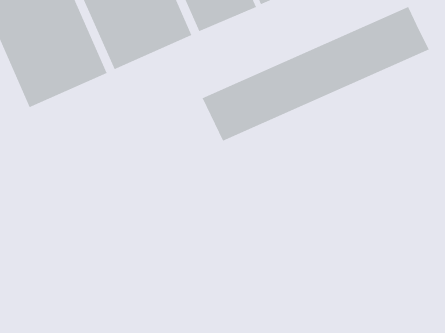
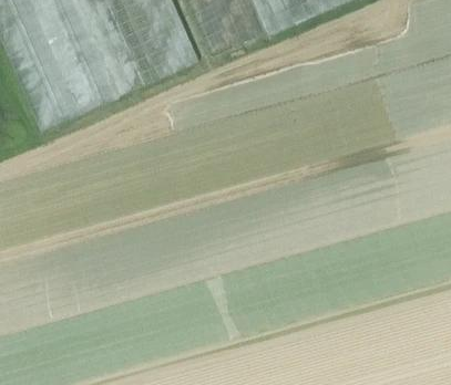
building: [202,6,429,142] -> none

